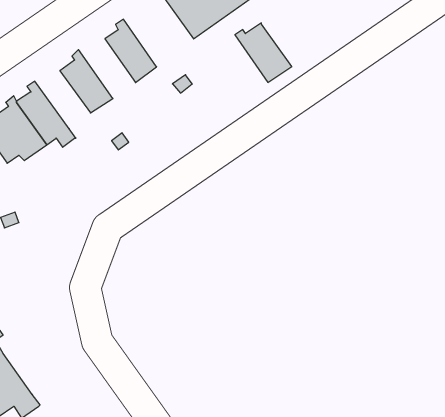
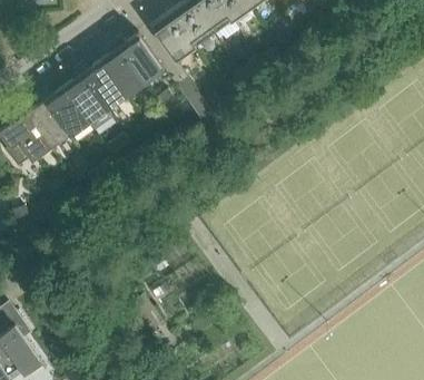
building: [235,23,292,82] -> [116,32,164,82]
building: none -> [78,59,126,109]
building: none -> [41,86,88,135]

